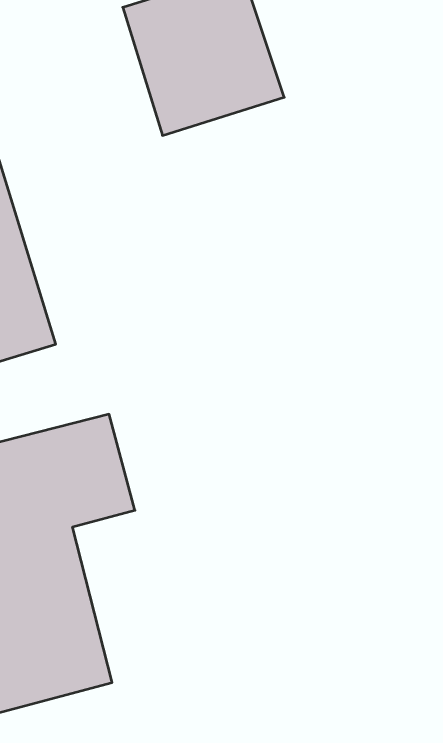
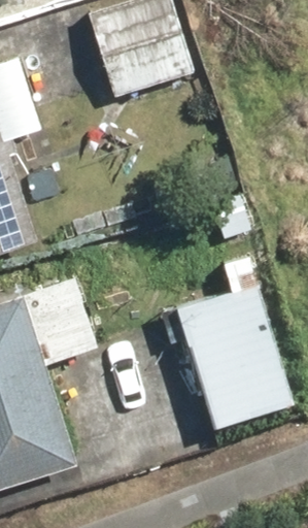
building: none -> [172,282,297,432]

